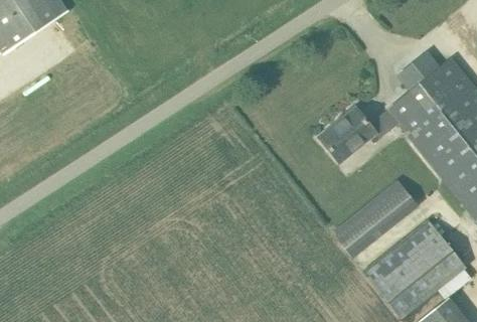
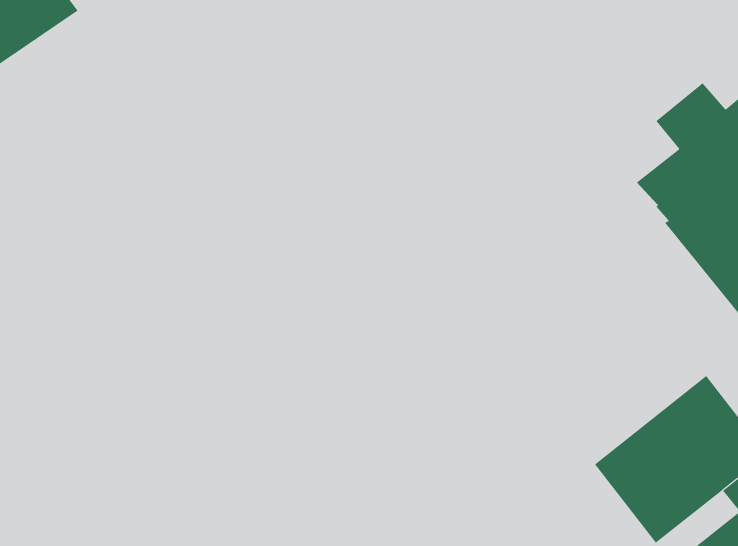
building: [319,107,406,164] -> none
building: [331,179,418,259] -> none

